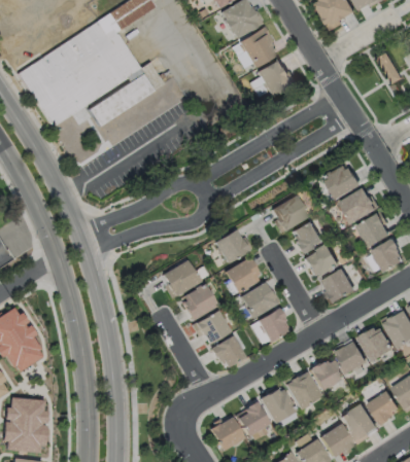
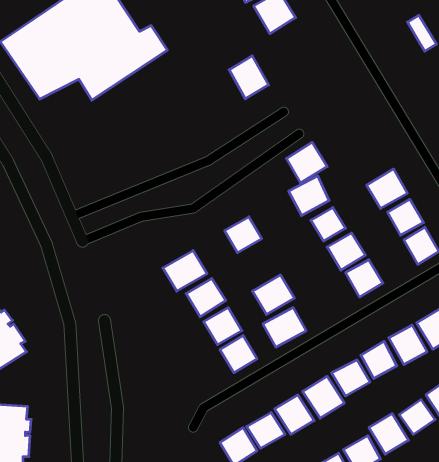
building: [259,59,294,97] -> [229,56,269,99]
building: [326,163,362,199] -> [286,142,327,183]
building: [226,258,261,293] -> none

